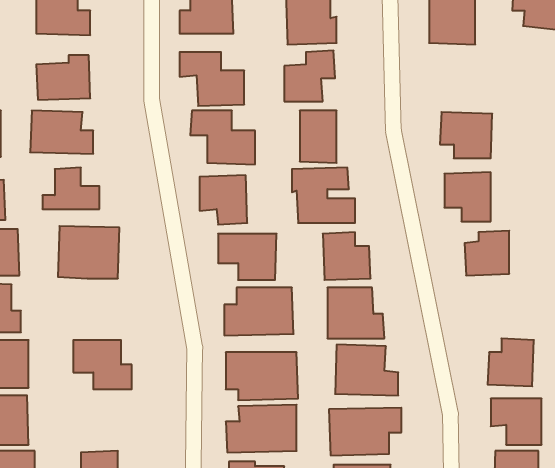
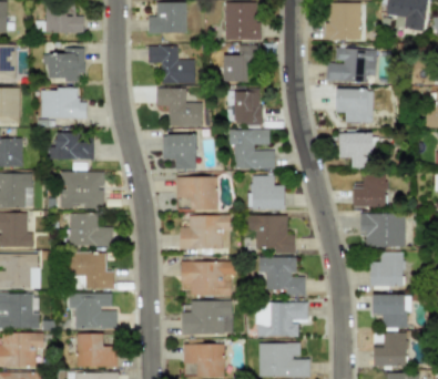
building: none -> [327,49,377,83]
building: none -> [70,214,113,247]
building: none -> [360,214,406,247]
building: none -> [70,295,118,330]

